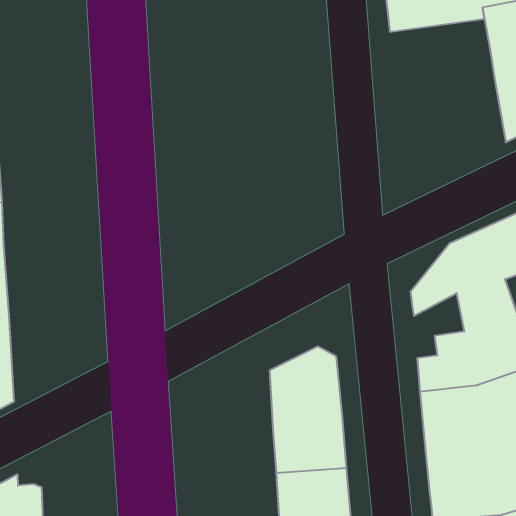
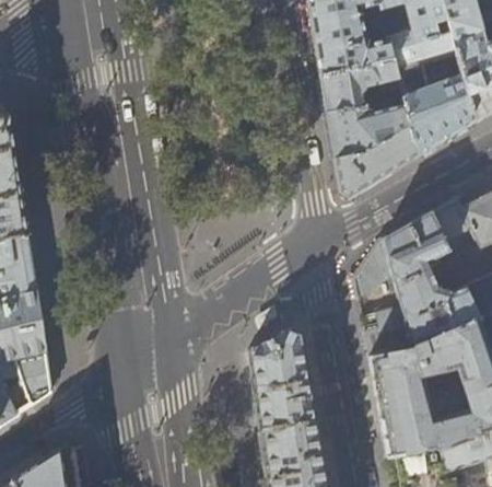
building: none -> [319,60,418,198]

